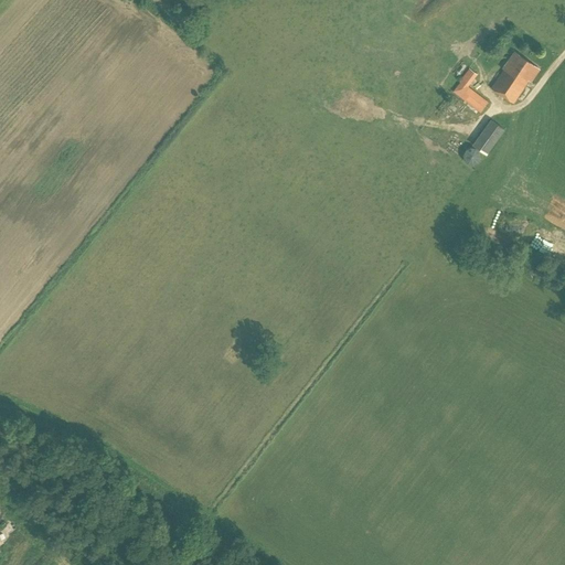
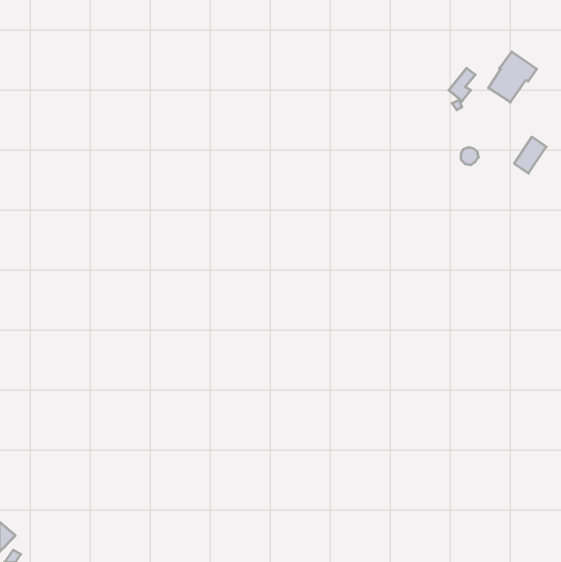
building: [471,119,503,156] -> [514,137,546,173]

